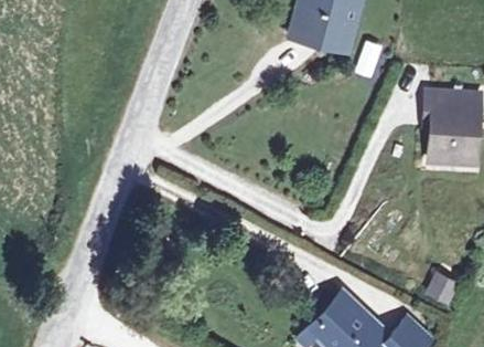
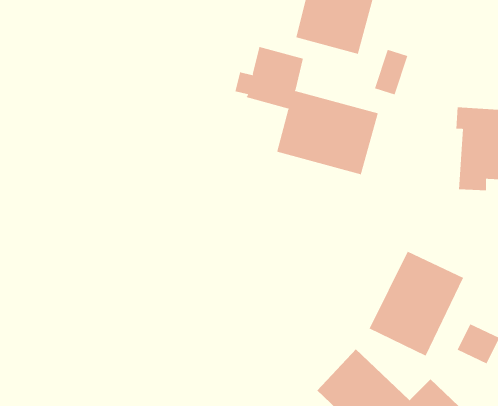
building: none -> [235,46,378,175]
building: none -> [369,251,464,357]

